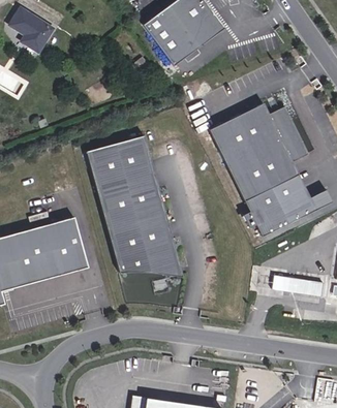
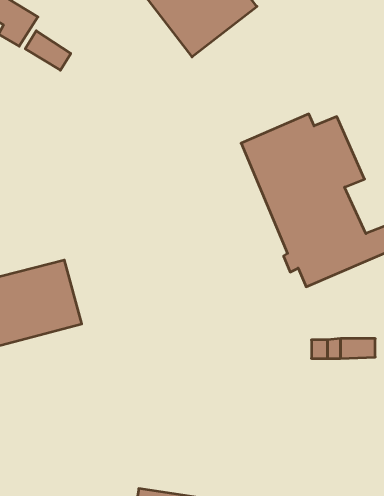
building: none -> [25,31,71,70]
building: [85,136,183,275] -> none

